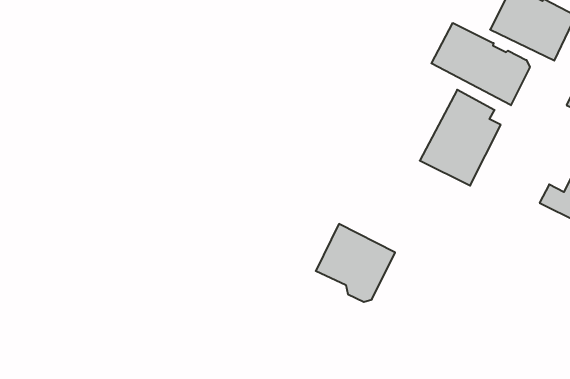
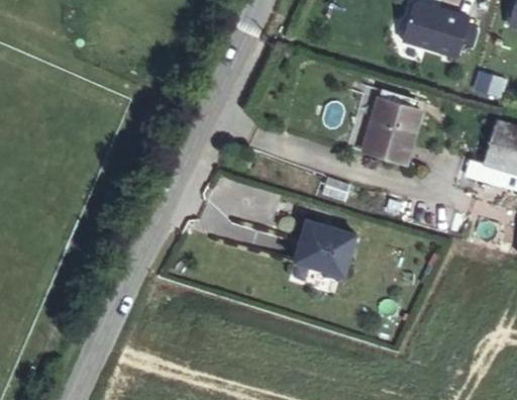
building: [431,23,530,105] -> none

